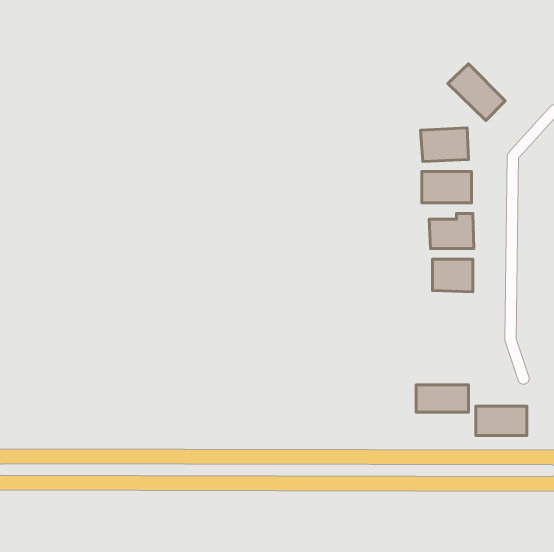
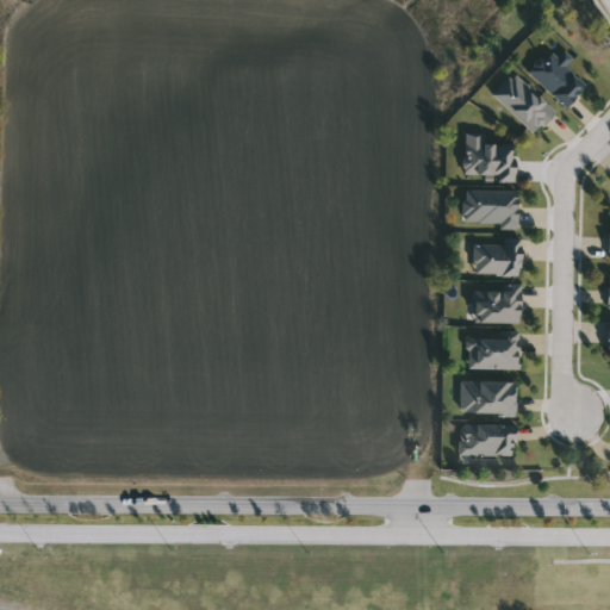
building: none -> [527,48,585,107]
building: none -> [466,335,517,369]
building: [476,406,527,435] -> [459,381,515,413]

